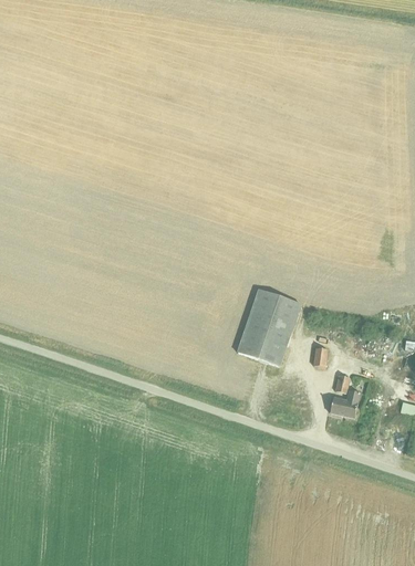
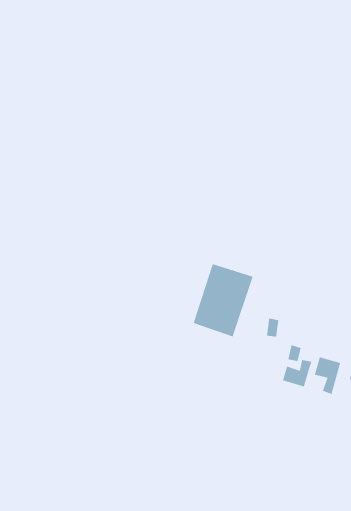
building: none -> [314,356,341,395]

